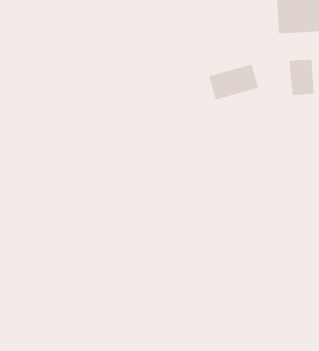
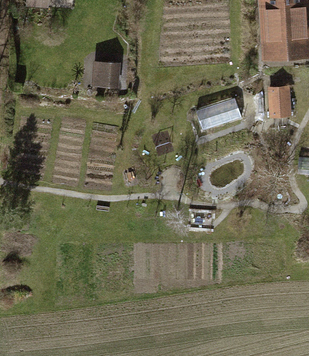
building: none -> [89,64,123,90]

